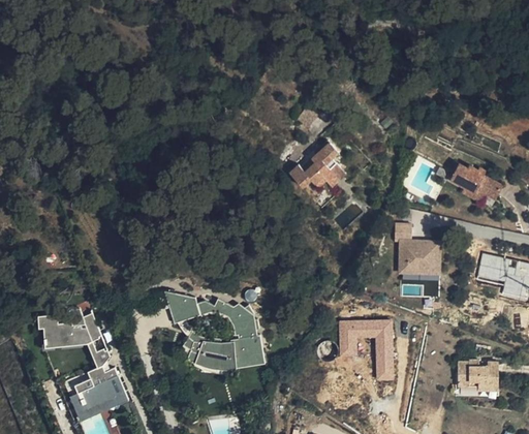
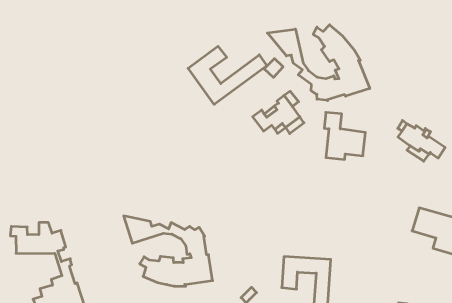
building: none -> [267,25,370,101]
building: none -> [188,46,267,104]
building: [395,224,440,274] -> [324,112,365,159]

